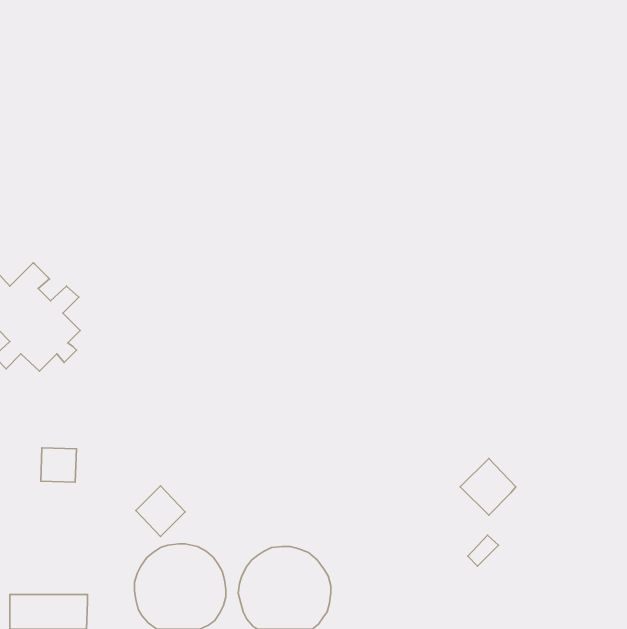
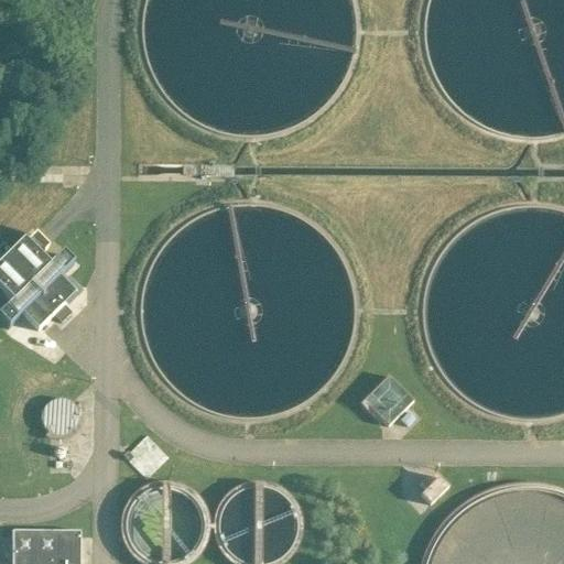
building: [460,458,516,515] -> [360,376,410,426]

